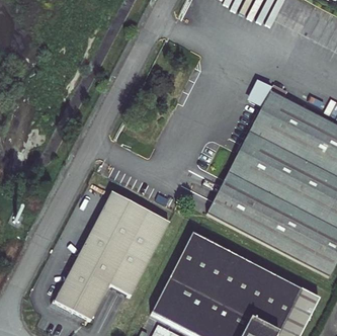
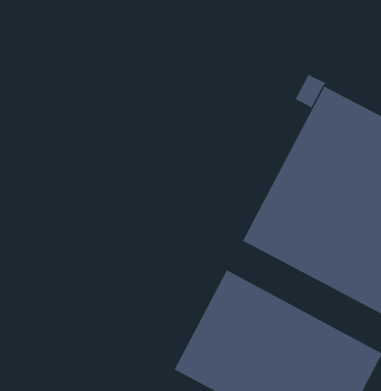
building: [52,193,169,320] -> none

